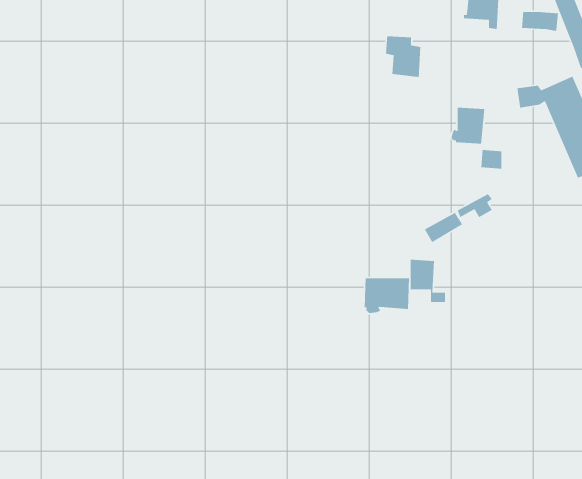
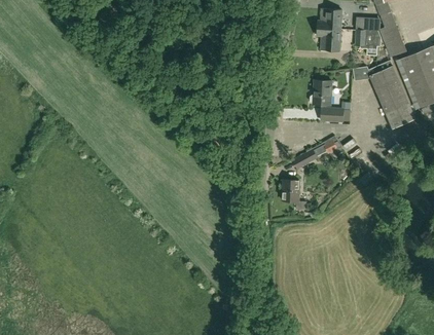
building: none -> [354,29,379,55]
building: [385,35,421,78] -> [316,23,339,50]
building: [364,278,410,314] -> none

